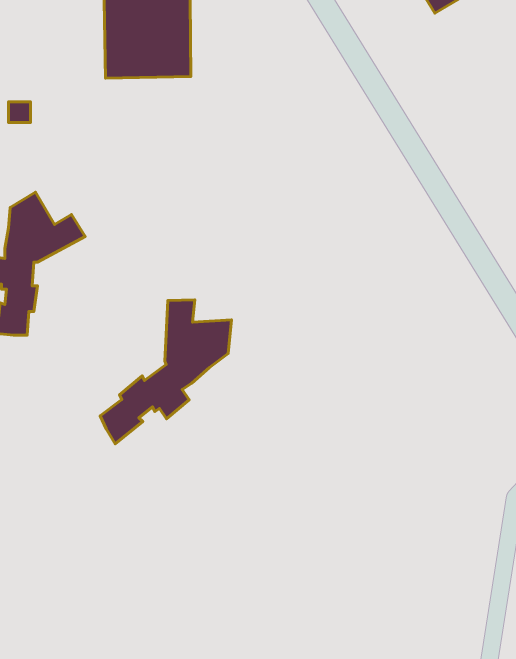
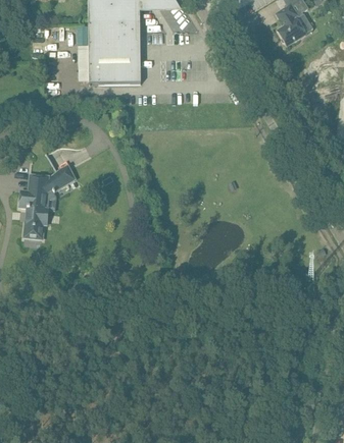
building: [100,300,231,444] -> none

